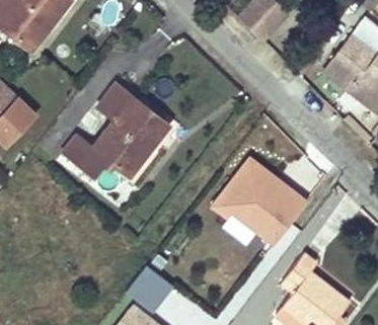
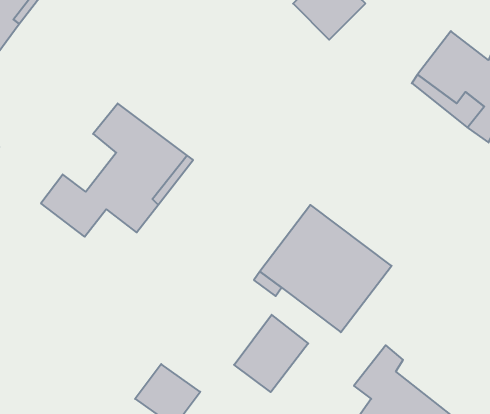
building: none -> [234,315,308,392]

